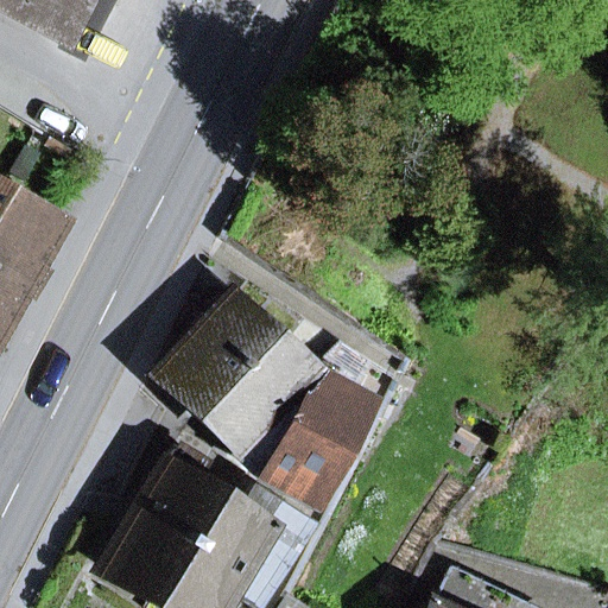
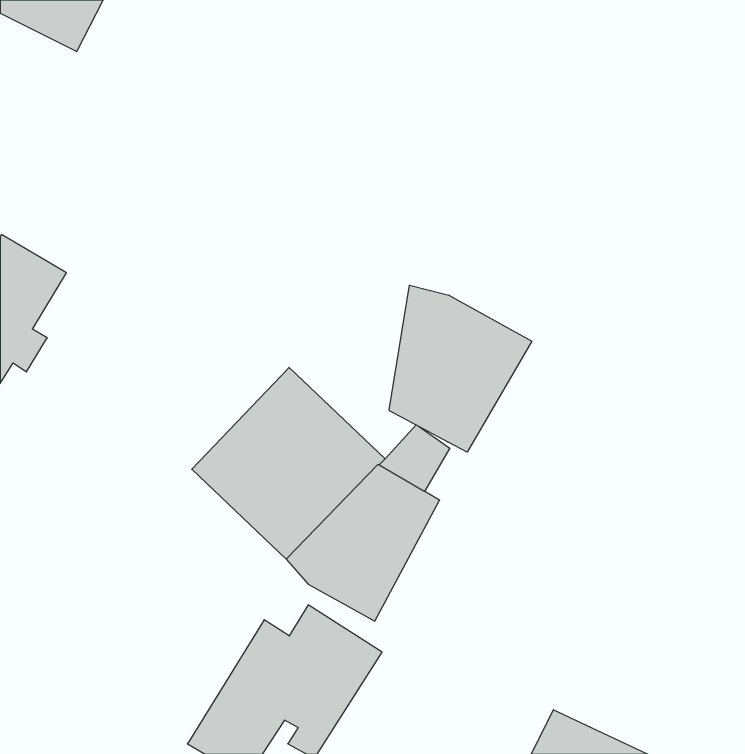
building: none -> [389,285,532,452]
building: [106,446,220,598] -> none

